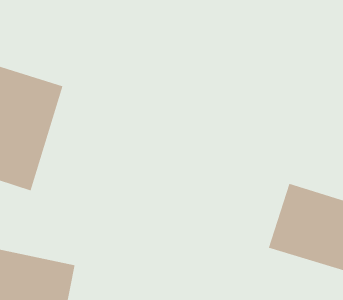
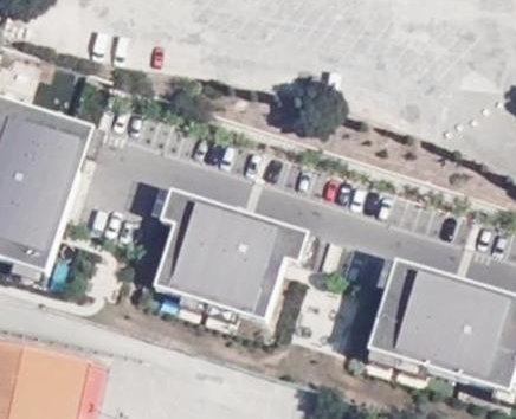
building: none -> [153,188,305,317]

